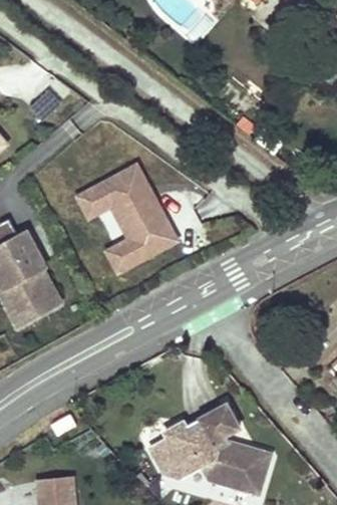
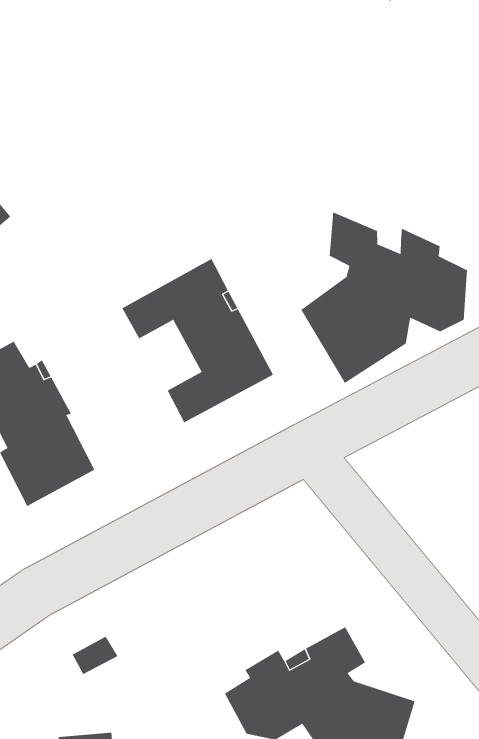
building: none -> [300,212,467,384]

